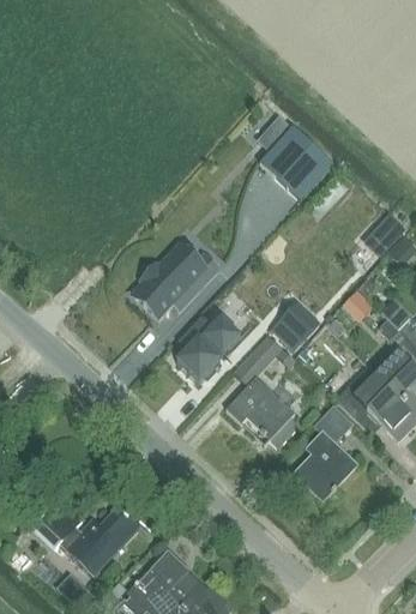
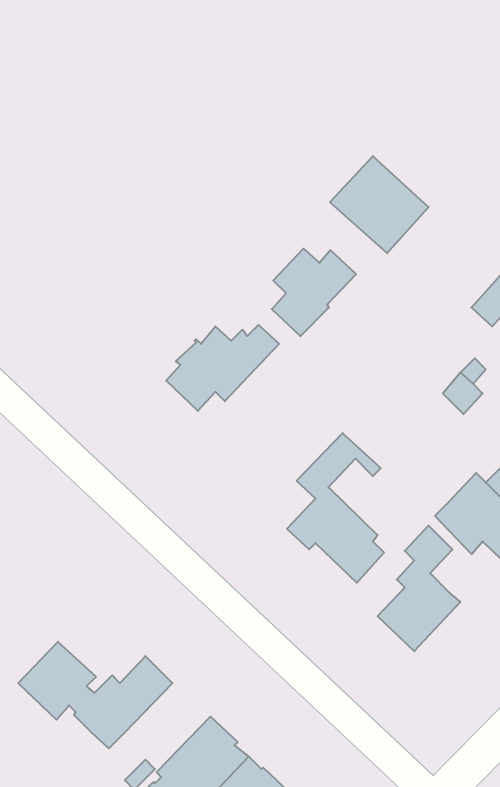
building: [278,302,319,342] -> none
building: [176,318,240,384] -> [272,249,356,336]

